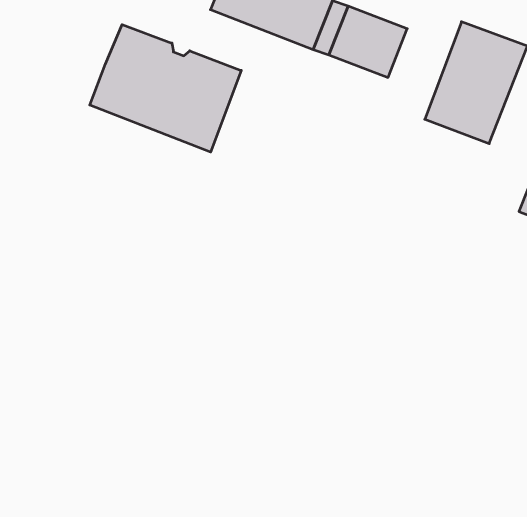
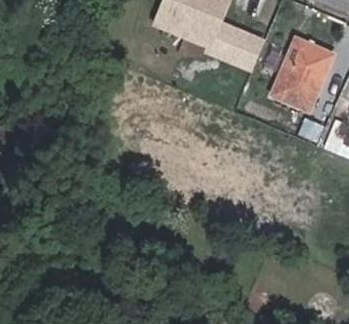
building: [90,25,241,152] -> none

